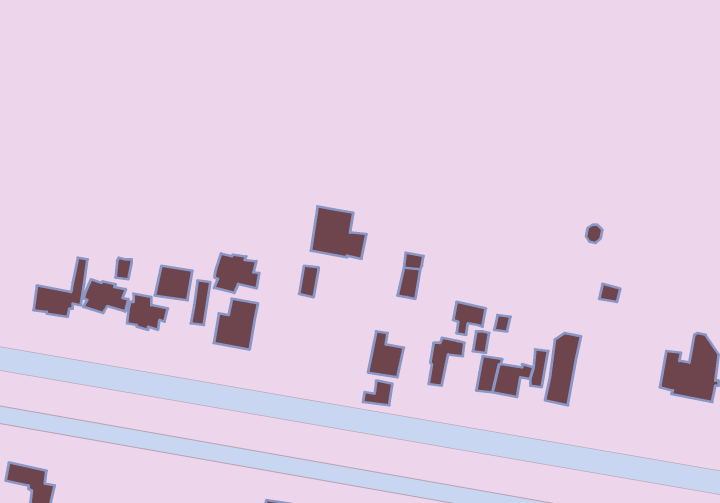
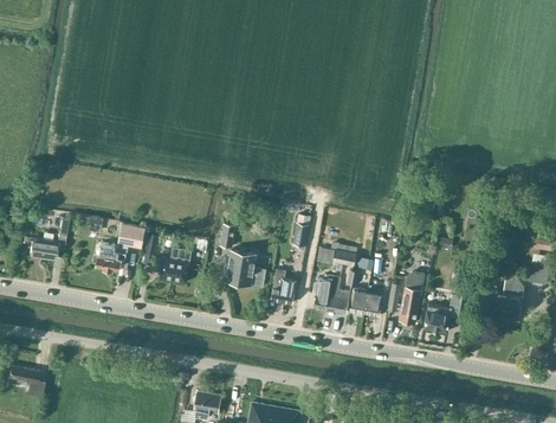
building: [311,206,367,259] -> [226,249,266,287]
building: [214,253,259,293] -> none
building: [83,279,128,313] -> none
building: none -> [324,287,350,314]
building: none -> [424,294,463,332]

